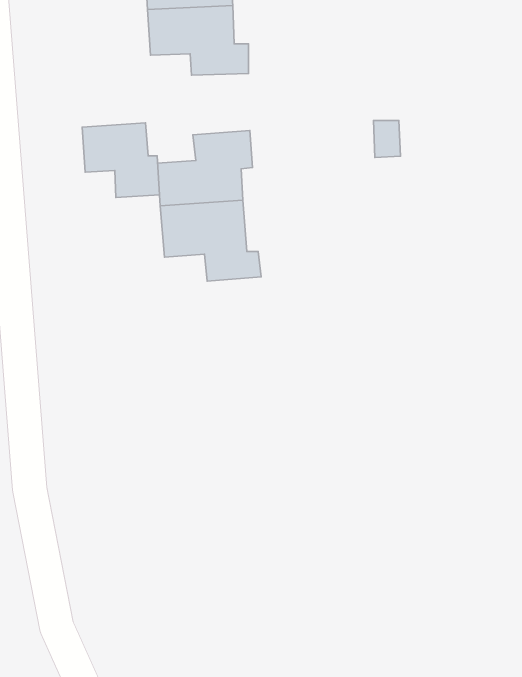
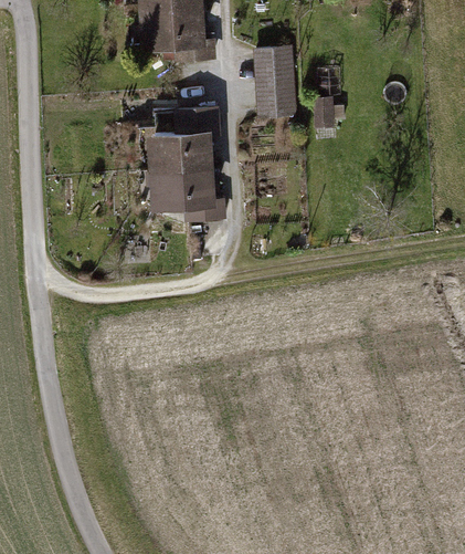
building: none -> [254,44,296,118]
building: [82,123,159,197] -> none

